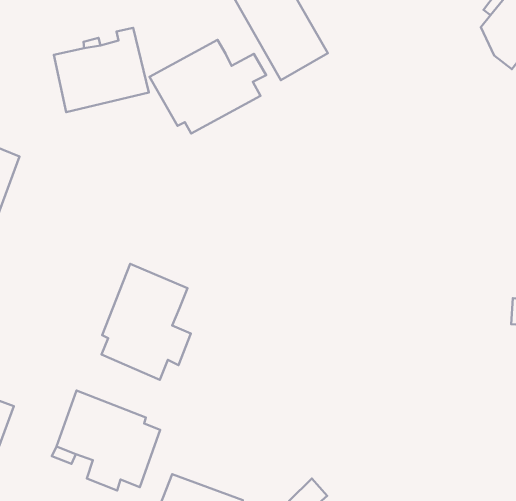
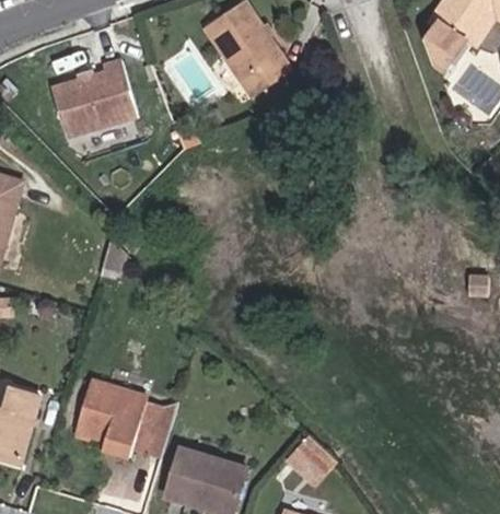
building: [150,40,266,133] -> none
building: [102,264,191,380] -> none

